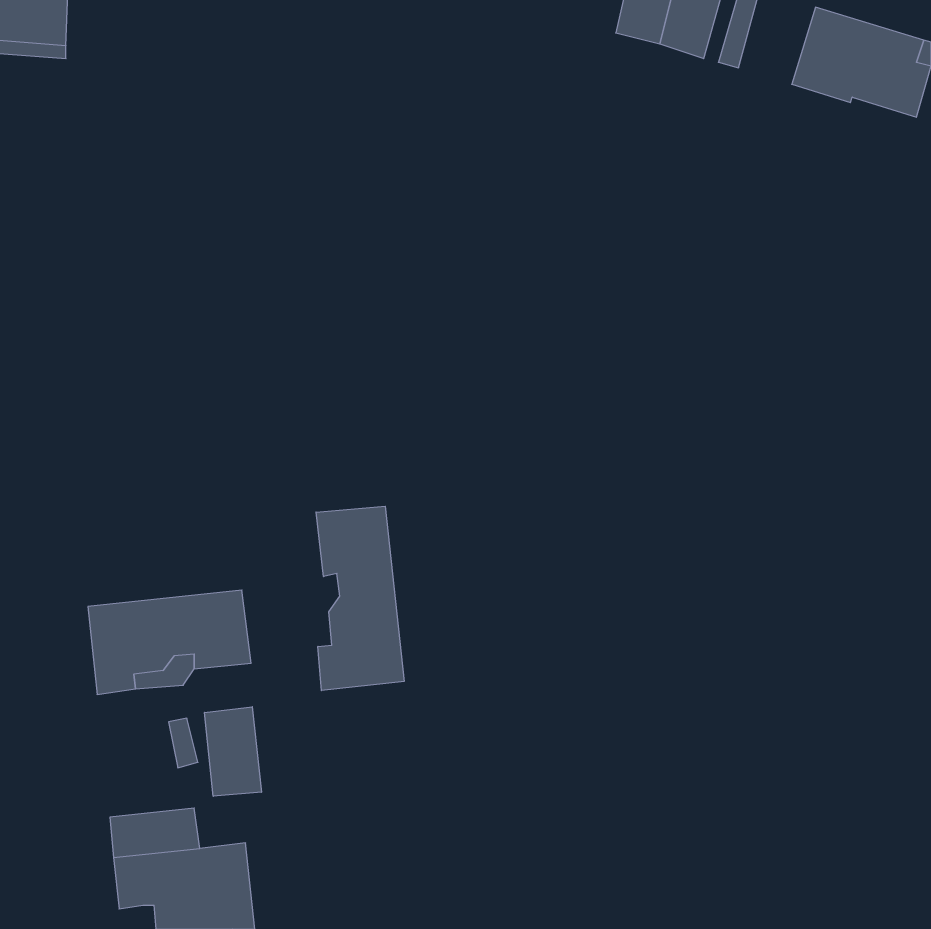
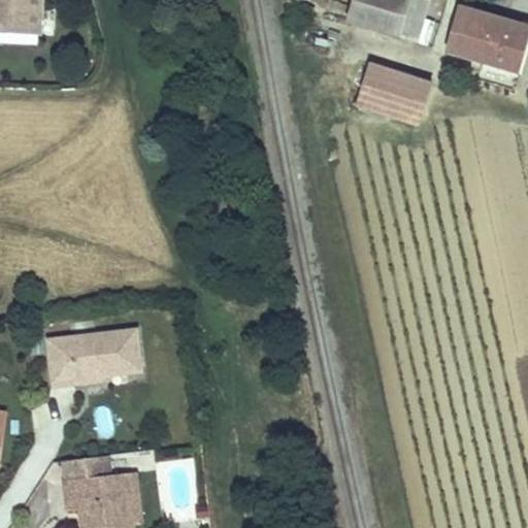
building: none -> [352,60,425,121]
building: [316,506,404,691] -> none
building: [205,707,261,796] -> none

